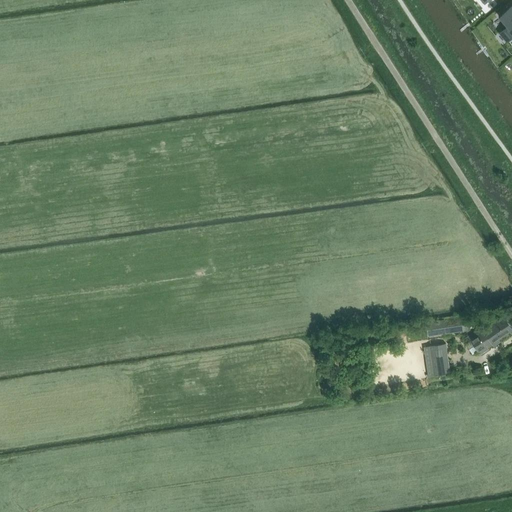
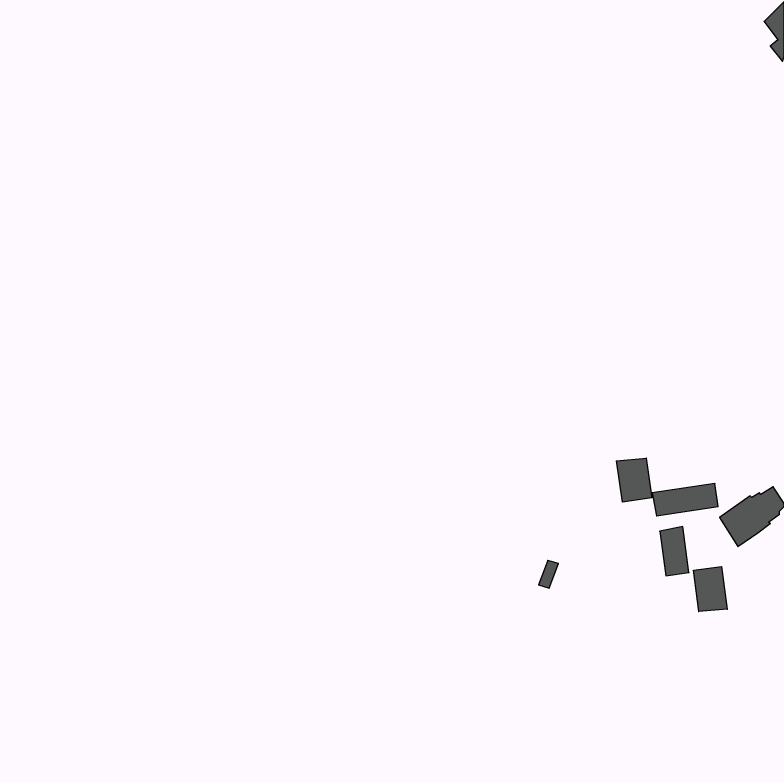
building: none -> [616,458,652,502]
building: none -> [694,567,727,612]

